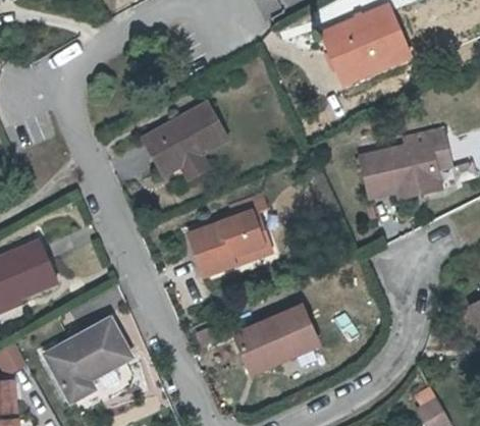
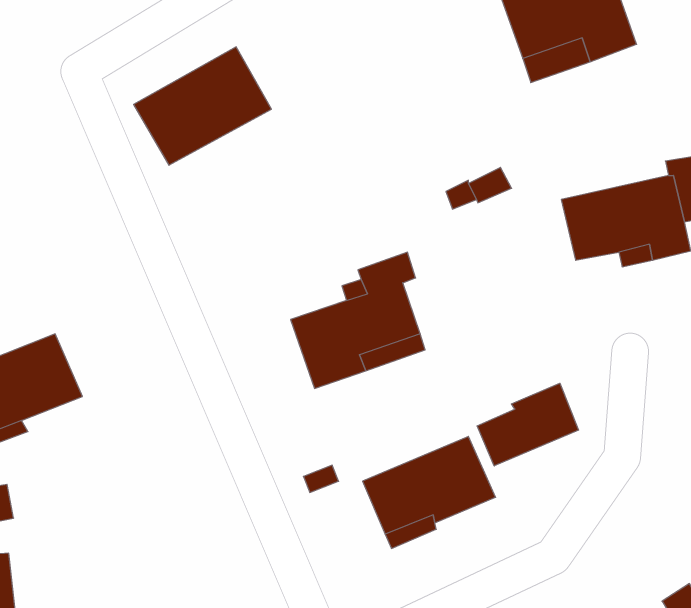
building: [135,97,222,172] -> [134,47,271,165]
building: none -> [477,383,579,466]
building: [42,319,130,403] -> none

